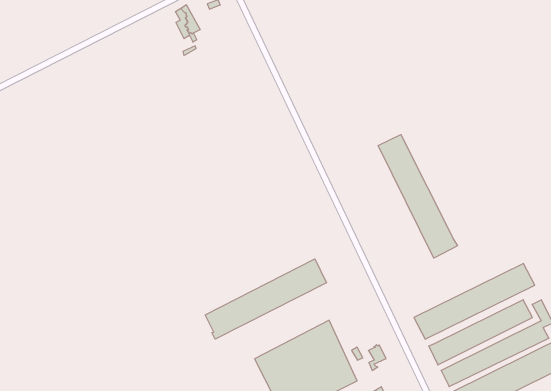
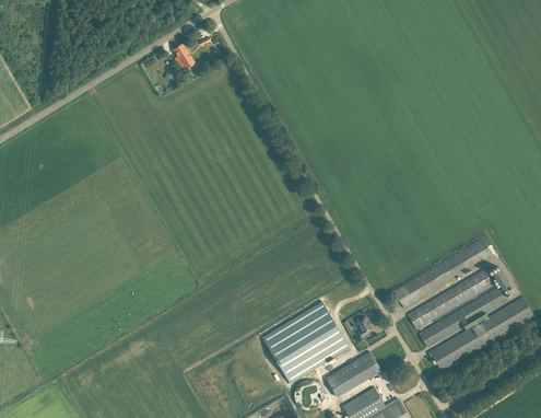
building: [378,135,458,258] -> none
building: [205,259,327,339] -> none

